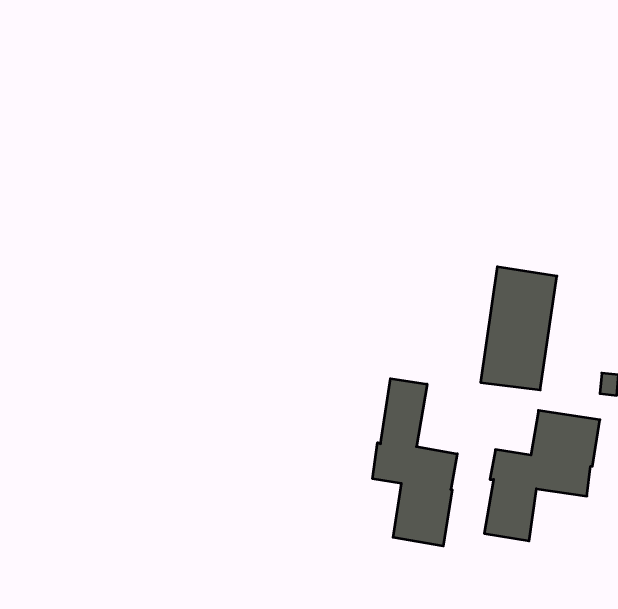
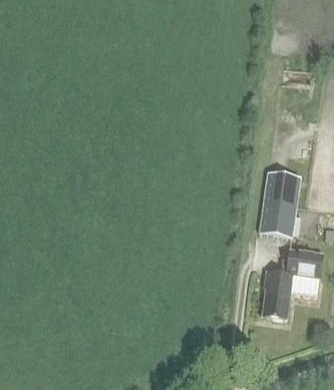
building: [373,379,457,546] -> none

